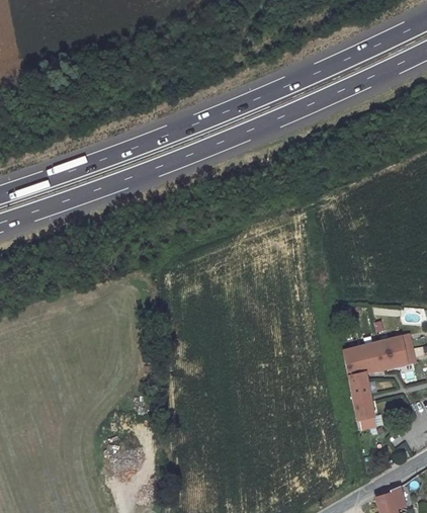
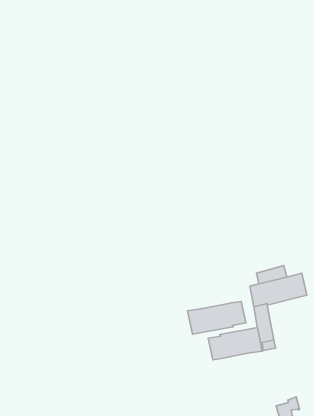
building: none -> [188,301,246,334]
building: none -> [208,328,262,360]

